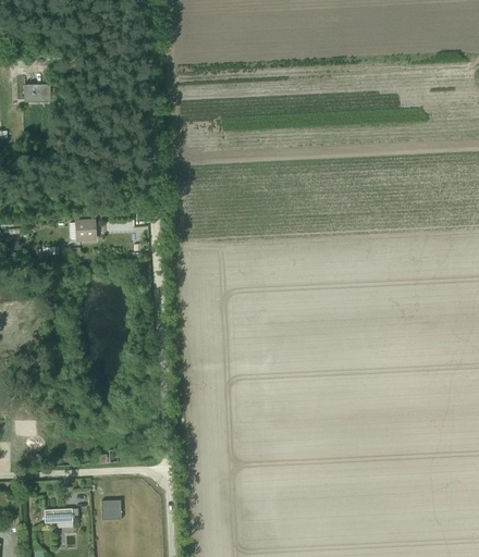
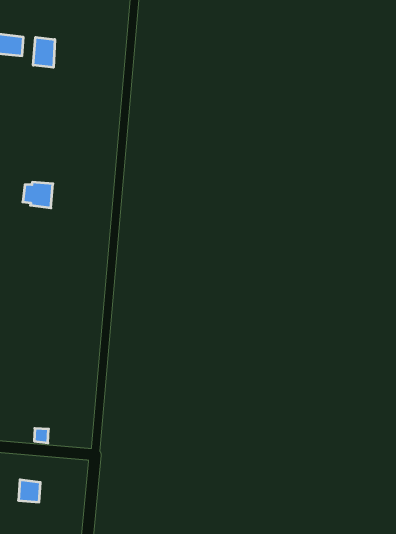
building: none -> [33,37,55,67]

